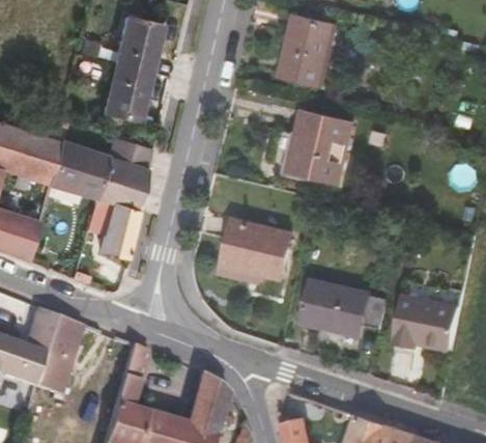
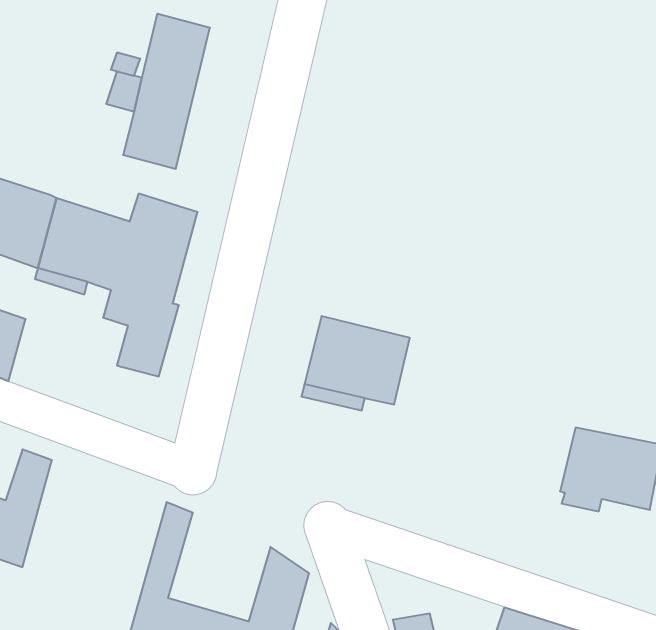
building: [281,16,339,86] -> none
building: [289,111,355,184] -> none
building: [304,279,390,335] -> none
building: [35,315,84,395] -> none

